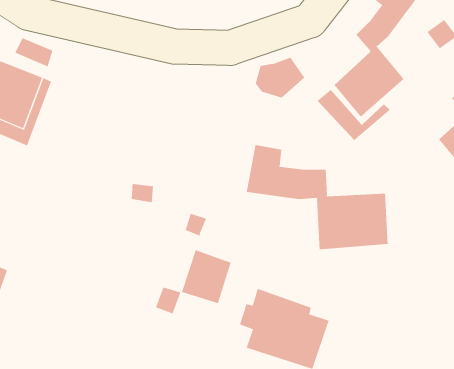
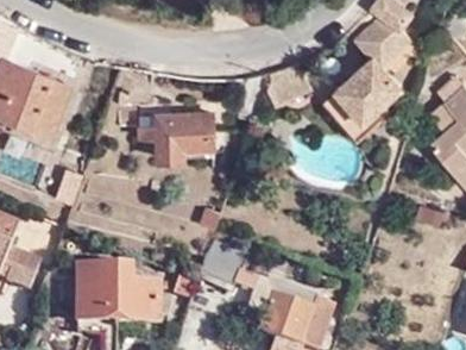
building: none -> [140,107,214,157]
building: [246,144,388,250] -> none
building: none -> [76,263,160,320]

